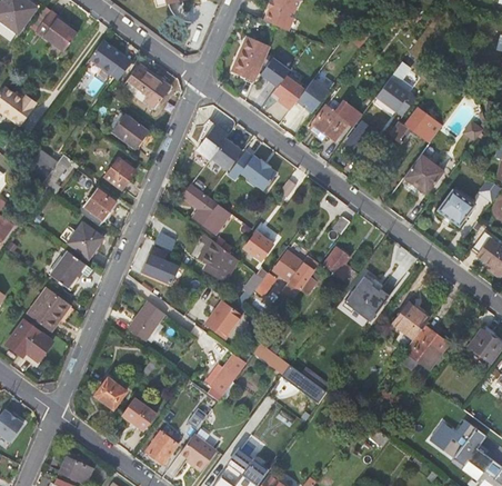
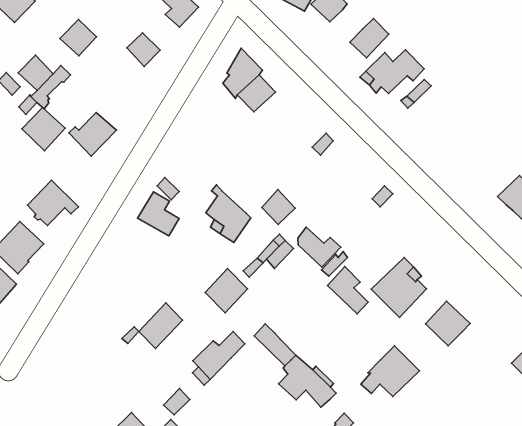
building: [274,75,307,109] -> none
building: [375,77,416,116] -> none
building: [389,109,441,143] -> none
building: [227,151,277,201] -> none
building: [403,153,444,194] -> none
building: [104,157,134,187] -> [60,20,96,56]
building: [183,182,231,234] -> none
building: [68,220,103,256] -> [22,108,65,151]
building: [322,246,358,284] -> [327,266,368,314]
building: [129,299,163,338] -> [139,303,182,349]
building: [401,326,448,368] -> [361,346,419,397]
building: [96,379,127,409] -> none
building: [122,396,157,429] -> none

